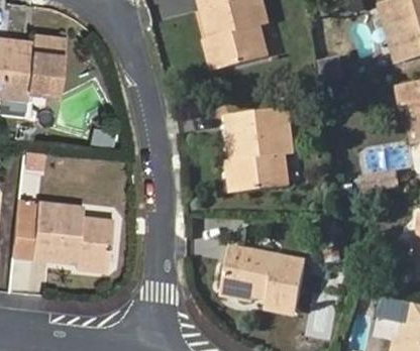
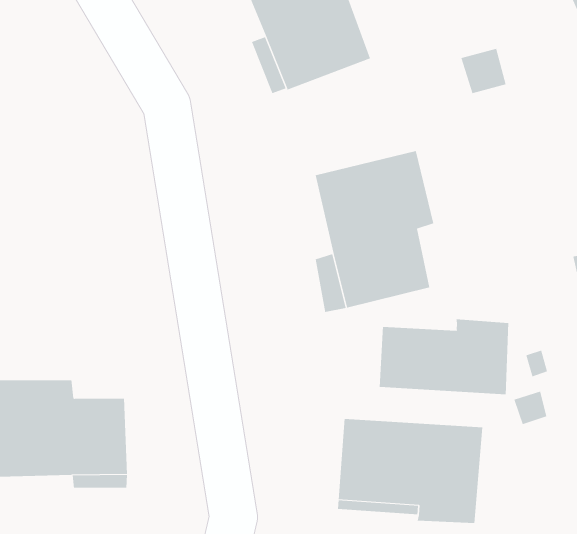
building: none -> [379,319,509,395]

